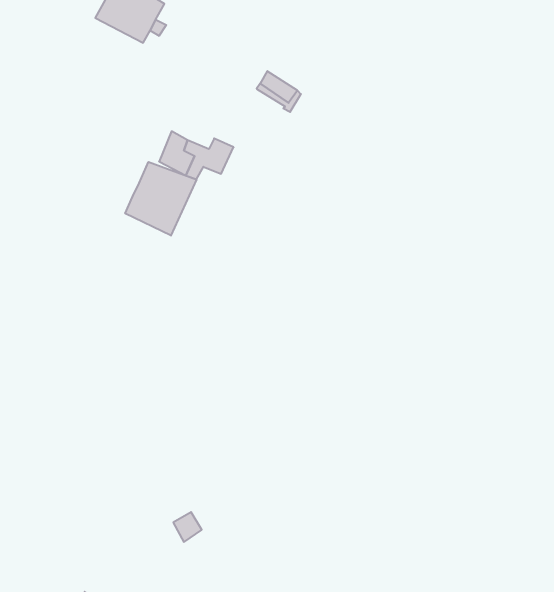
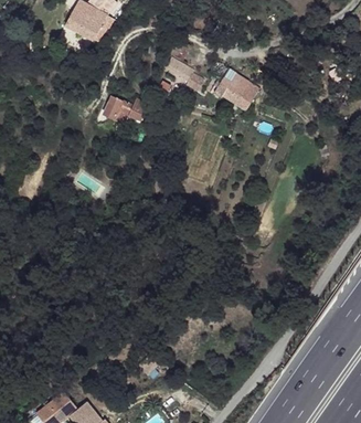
building: none -> [223,74,262,110]
building: [125,162,196,236] -> none

